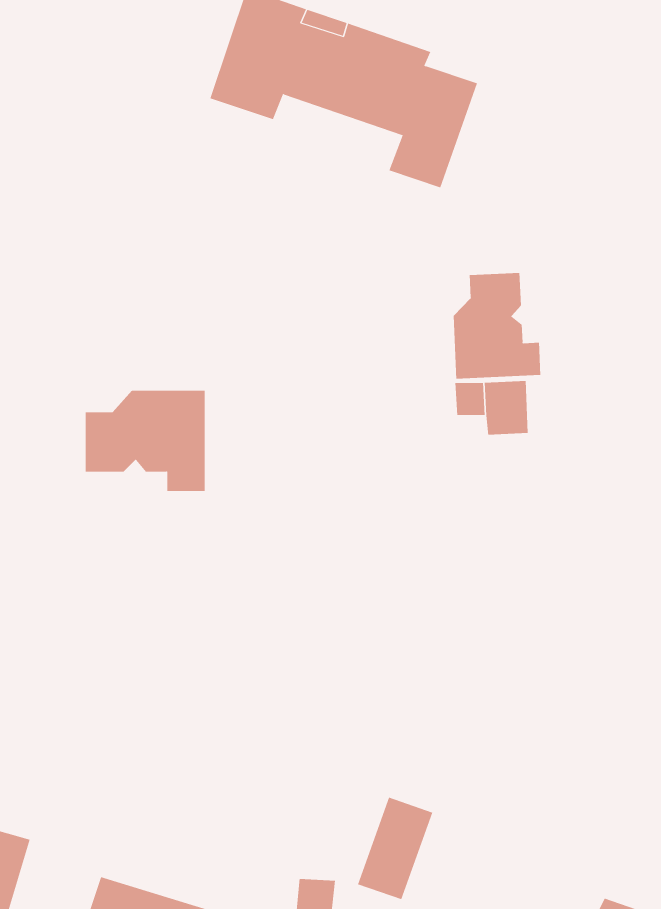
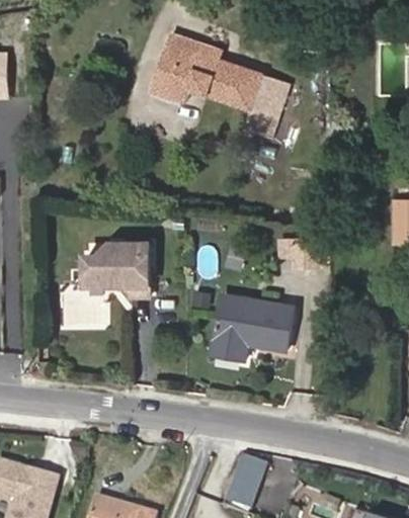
building: [453,272,541,379] -> none
building: none -> [211,294,293,358]

